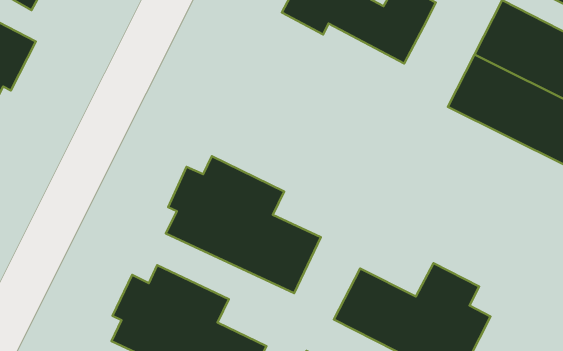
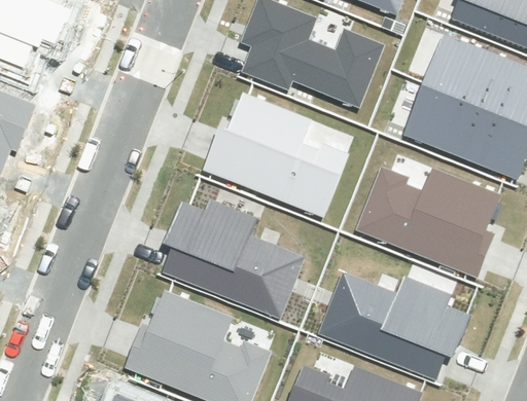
building: none -> [205,90,345,212]
building: none -> [359,171,499,277]

